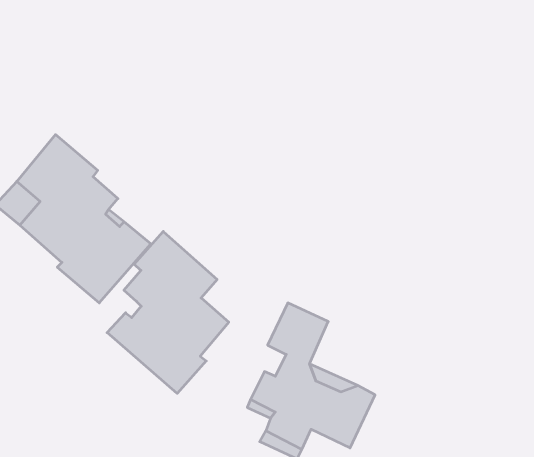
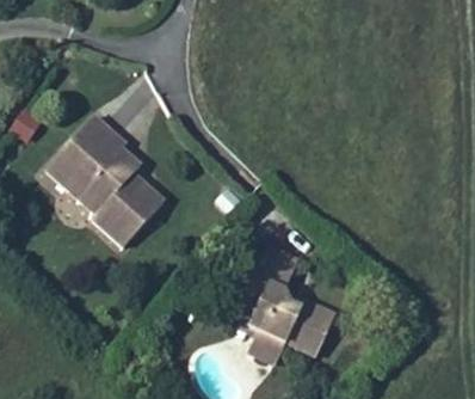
building: [107,231,229,393] -> none

